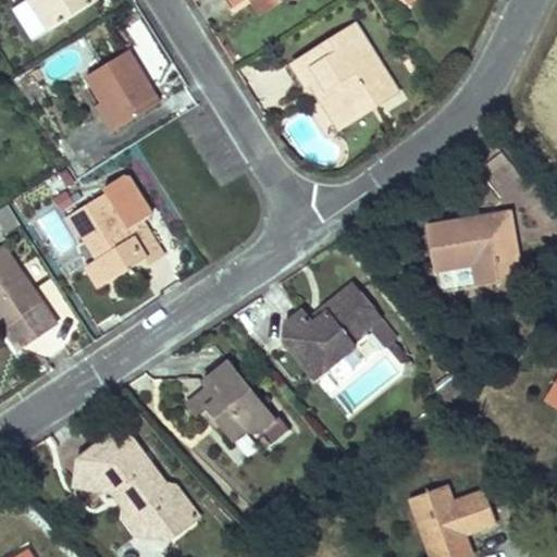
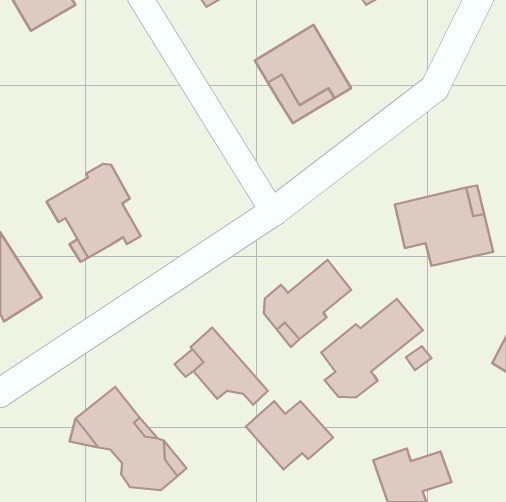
building: [73,55,145,133] -> none
building: none -> [321,299,423,397]
building: none -> [246,401,333,469]

